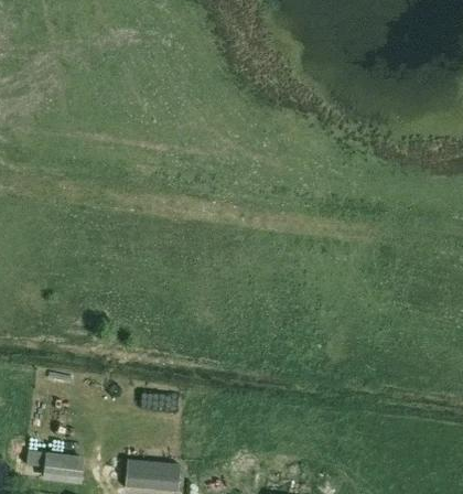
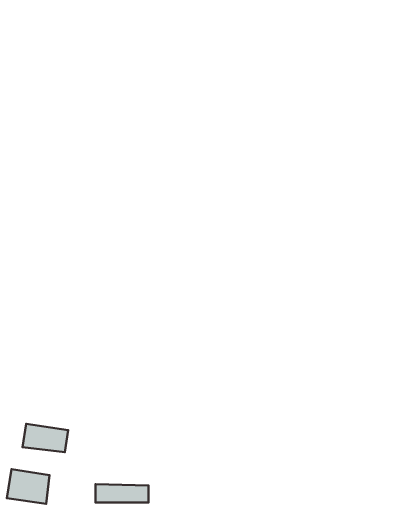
building: none -> [23,424,68,452]

